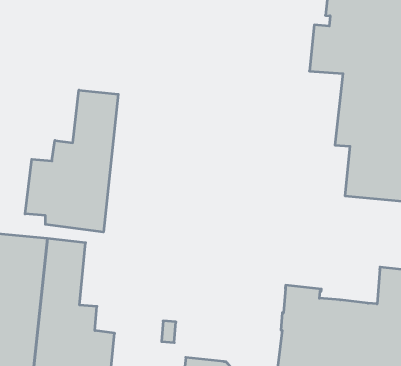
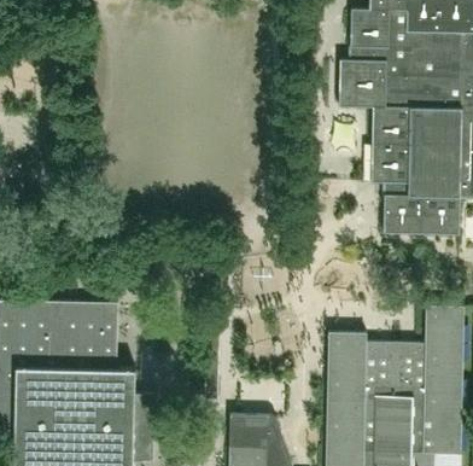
building: [25,90,118,232] -> none

